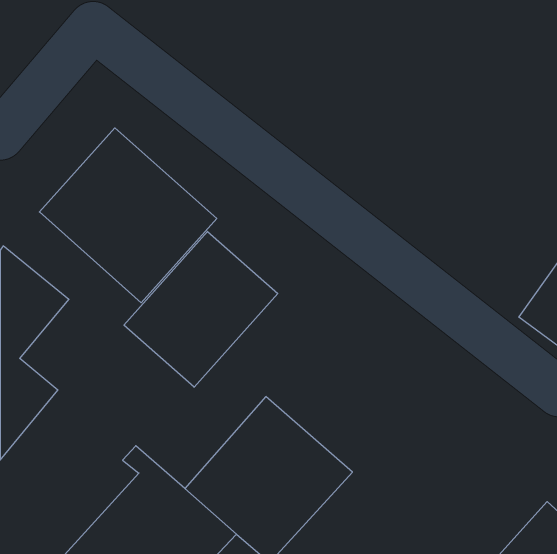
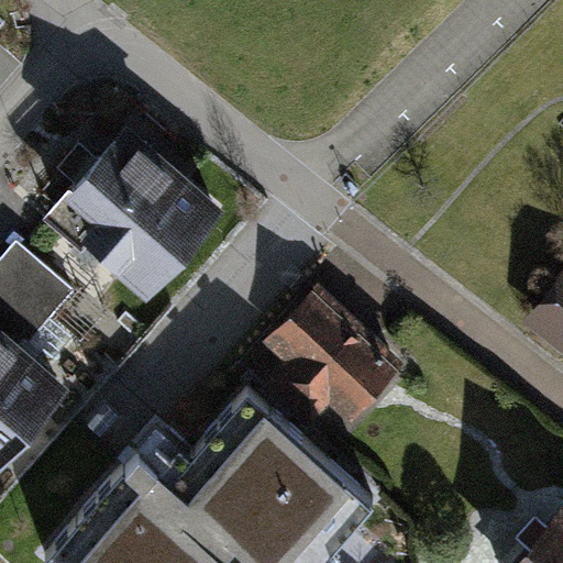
building: [124,231,278,387] -> none
building: none -> [252,284,407,439]

